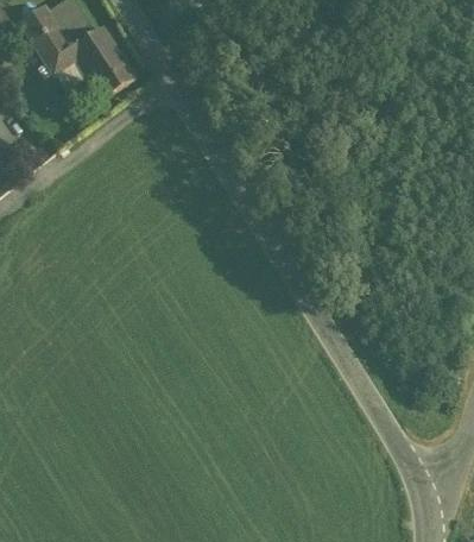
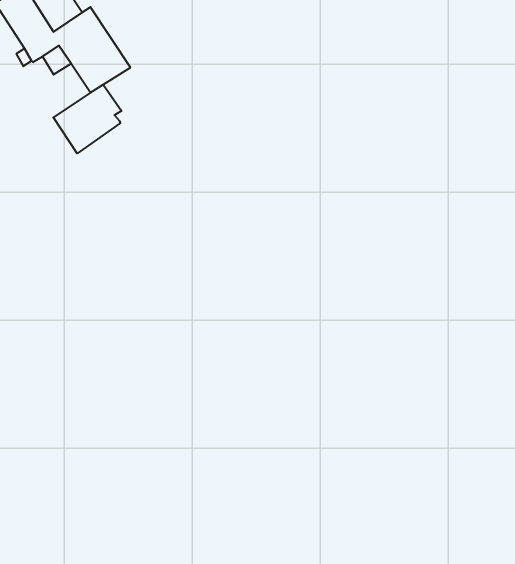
building: none -> [53,85,122,153]

